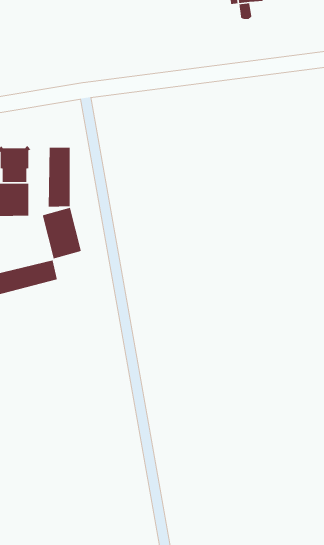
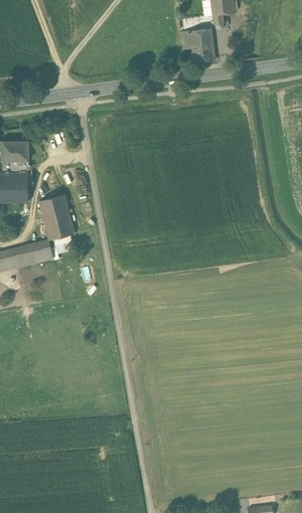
building: none -> [181,28,214,61]
building: [48,147,70,207] -> none

